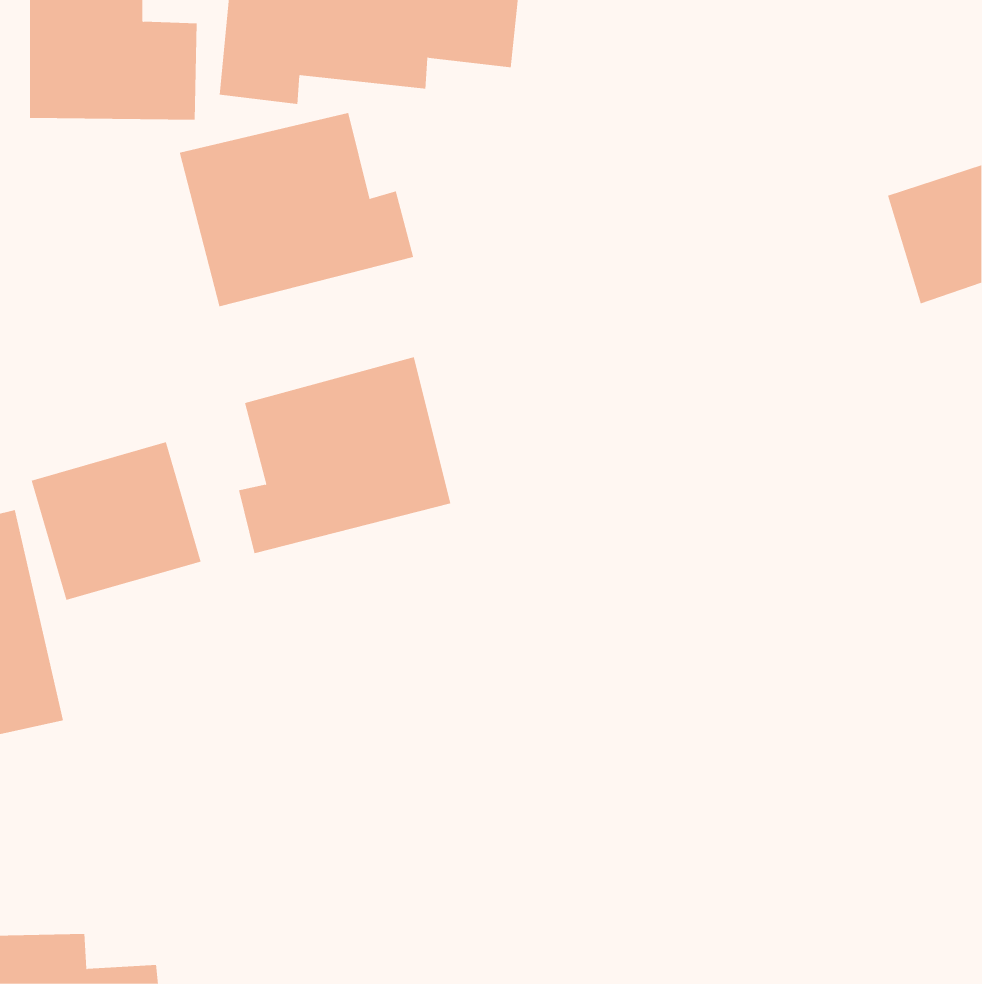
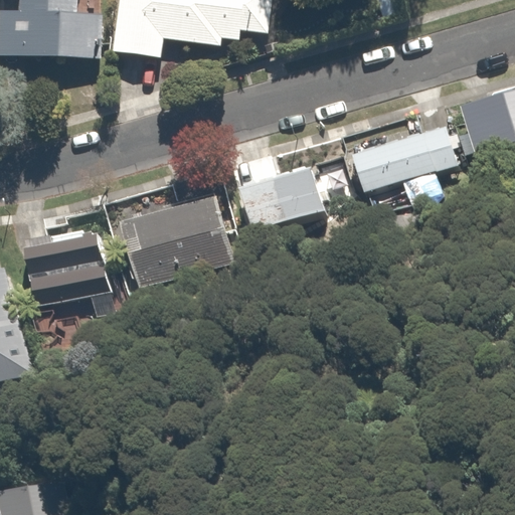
building: [179,112,414,307] -> none
building: none -> [339,110,459,197]
building: none -> [233,167,327,233]

